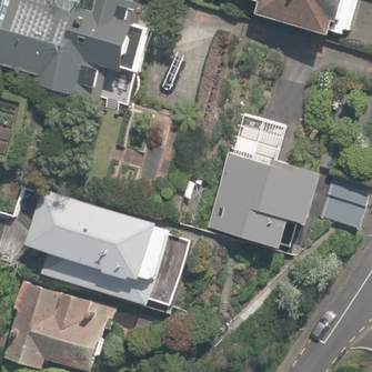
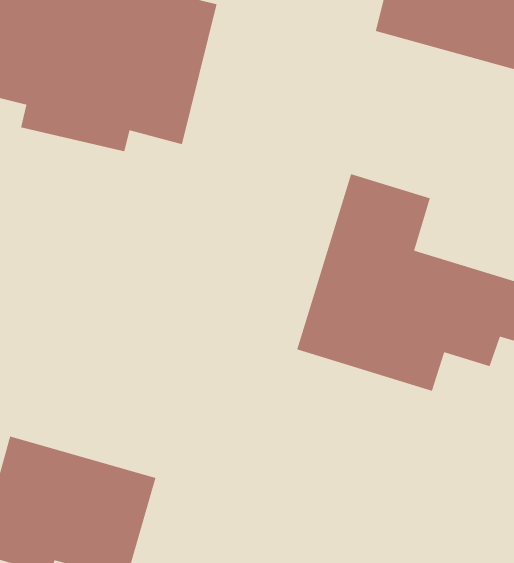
building: [20,182,171,291] -> none

